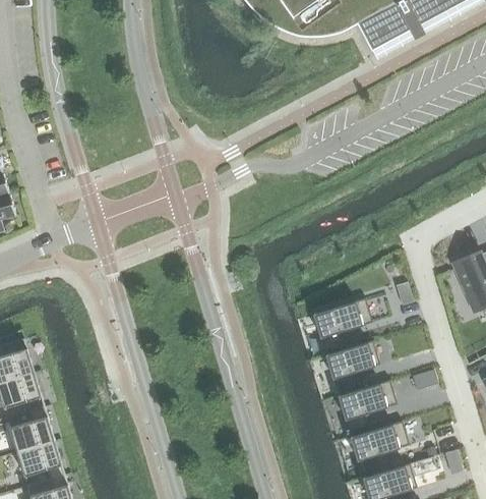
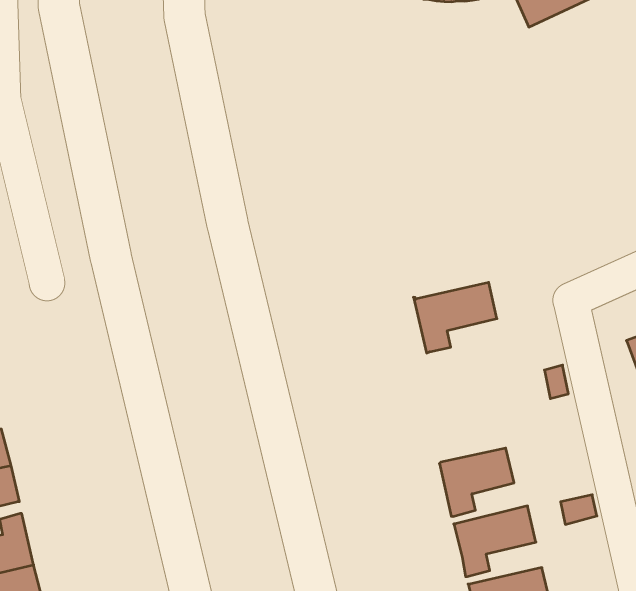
building: [314,298,372,349] -> [413,282,497,353]

